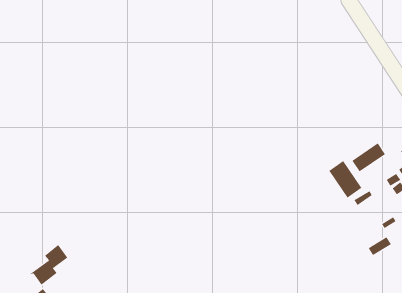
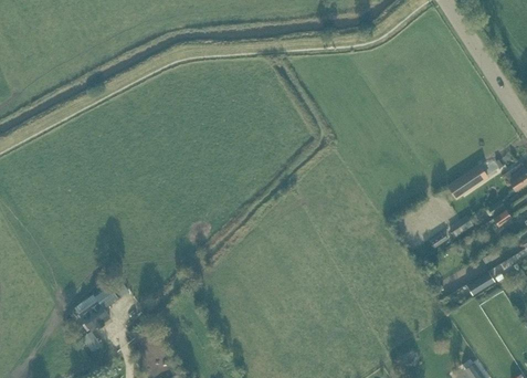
building: [328,160,362,198] -> none

